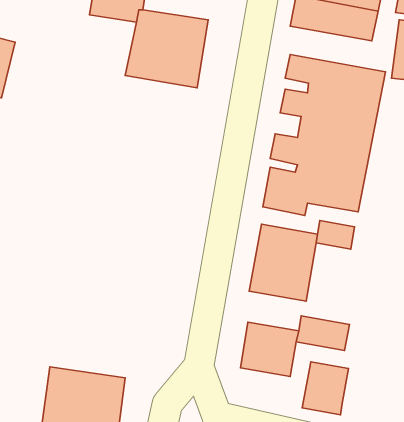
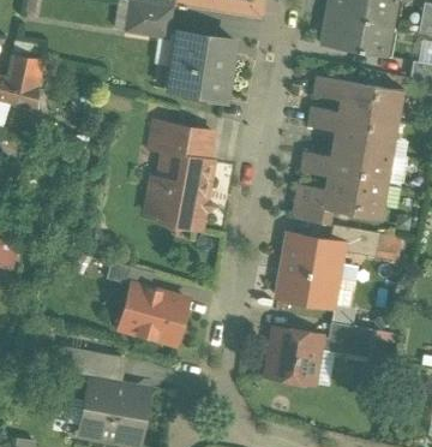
building: none -> [134,113,220,233]
building: none -> [114,282,193,354]
building: [302,362,348,415] -> none

